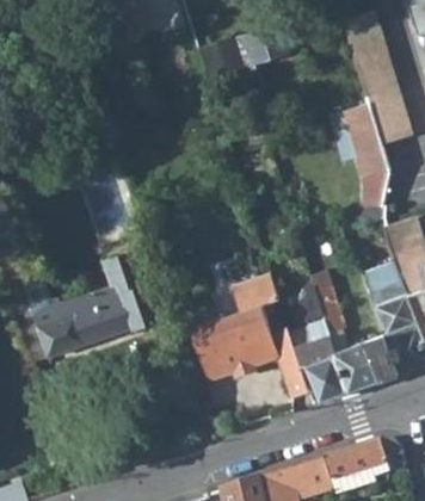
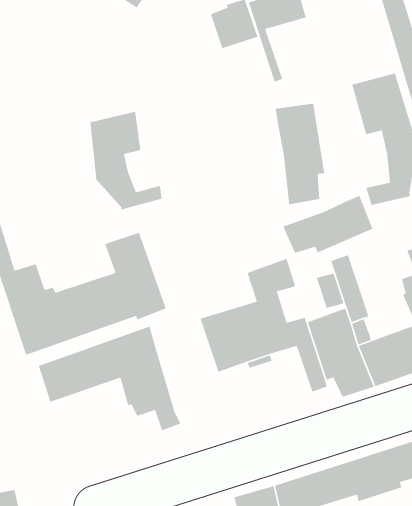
building: none -> [275,103,325,205]
building: none -> [89,111,162,210]
building: none -> [282,195,374,254]
building: none -> [38,326,182,432]

